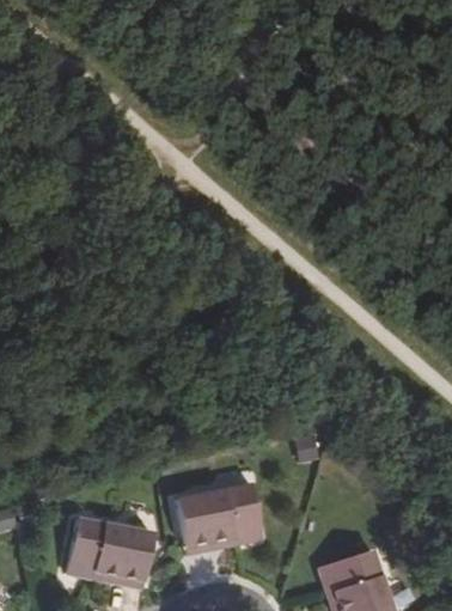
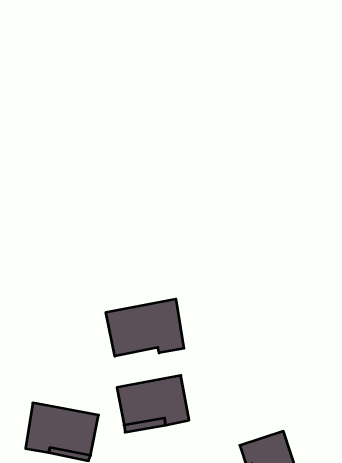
building: none -> [106,299,184,356]

